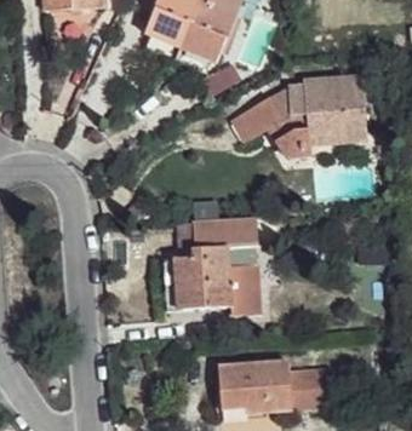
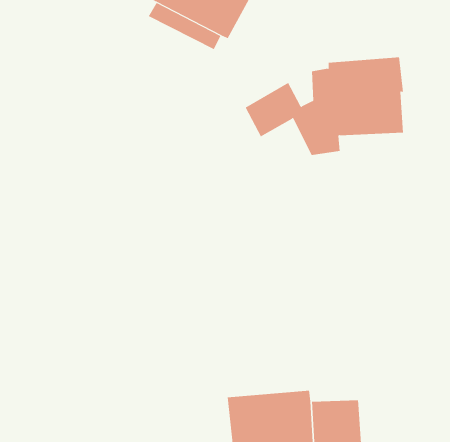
building: [162,217,262,316] -> none

